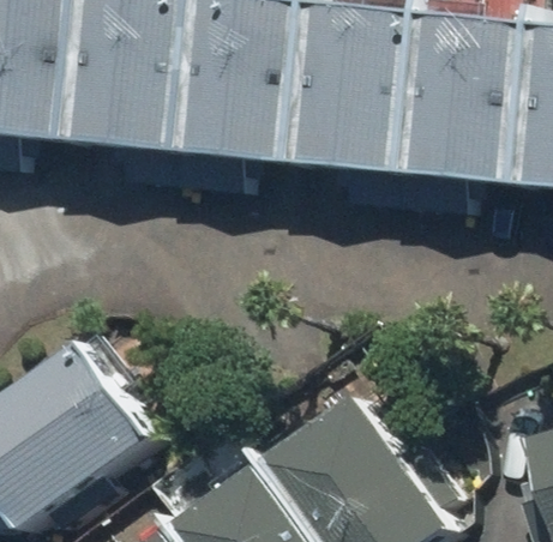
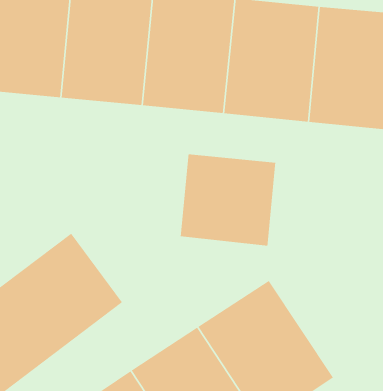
building: none -> [180,154,276,246]

